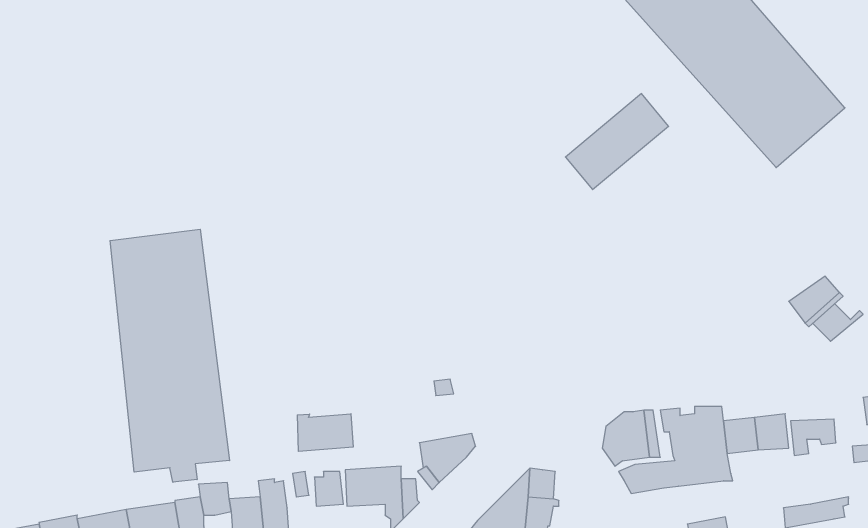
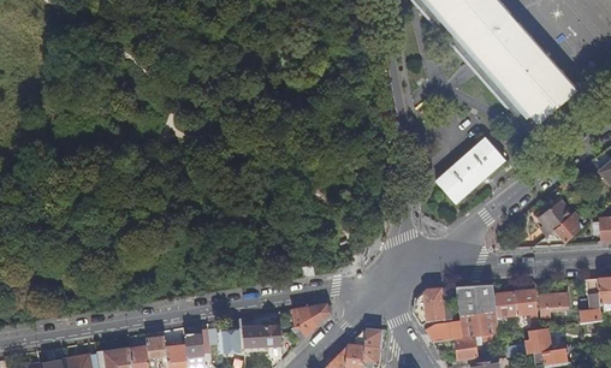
building: [565,94,669,190] -> [437,133,505,197]
building: [110,229,230,482] -> none
building: [297,414,353,451] -> none
building: none -> [505,328,552,357]
building: none -> [455,334,494,360]

